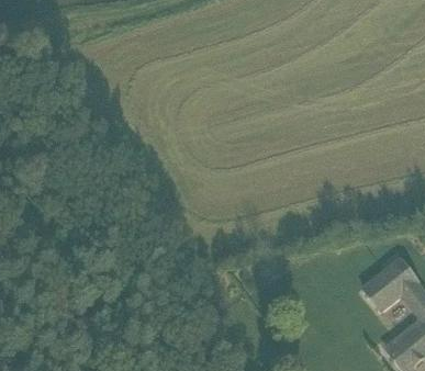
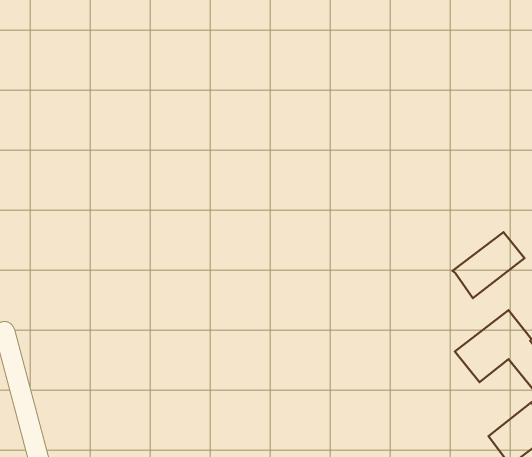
building: none -> [453,232,524,298]

